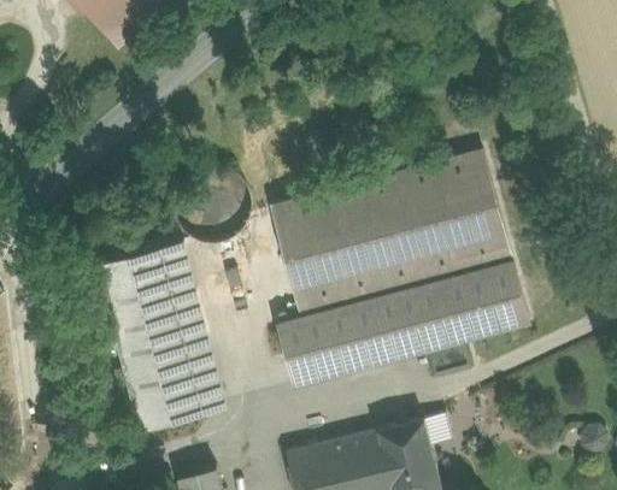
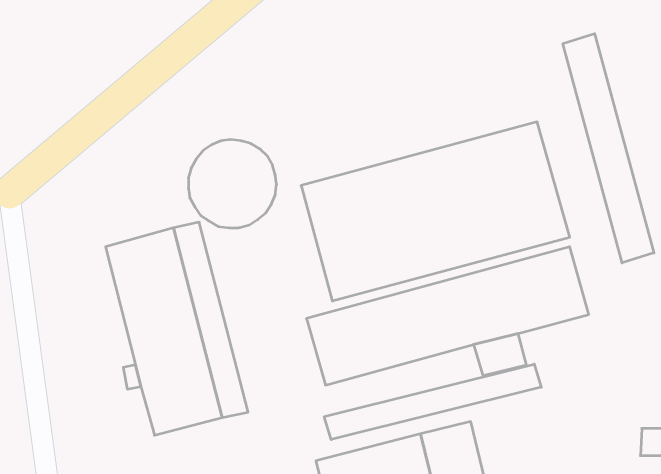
building: none -> [563,34,654,263]
building: none -> [324,364,541,440]

